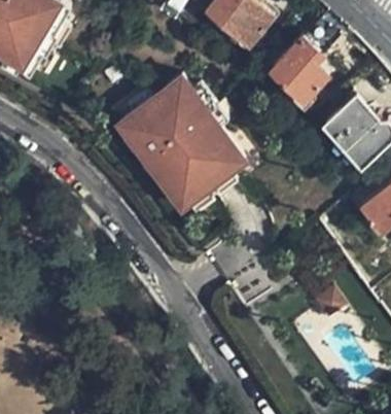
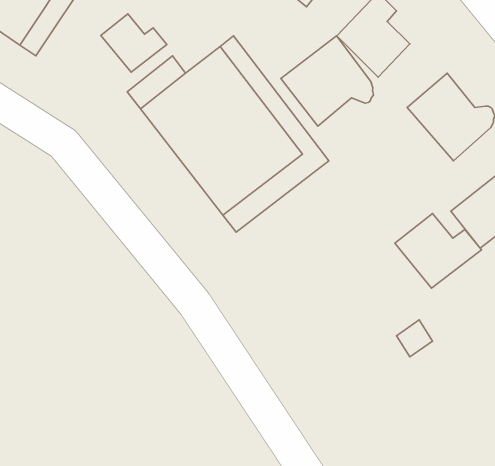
building: none -> [101,14,167,72]
building: none -> [281,36,373,126]
building: none -> [395,214,481,288]

